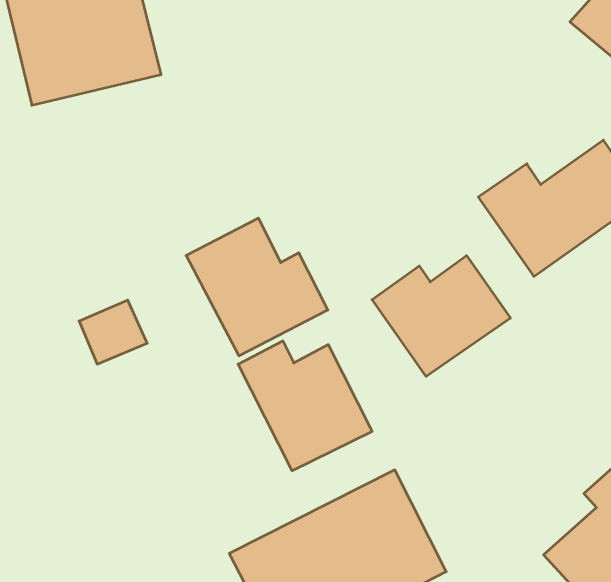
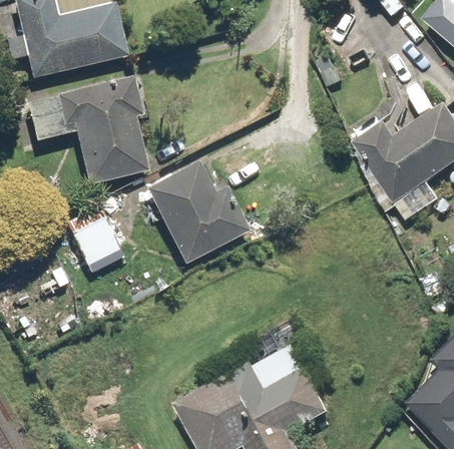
building: none -> [27,78,145,184]
building: [372,256,510,376] -> none
building: [238,341,372,471] -> none

